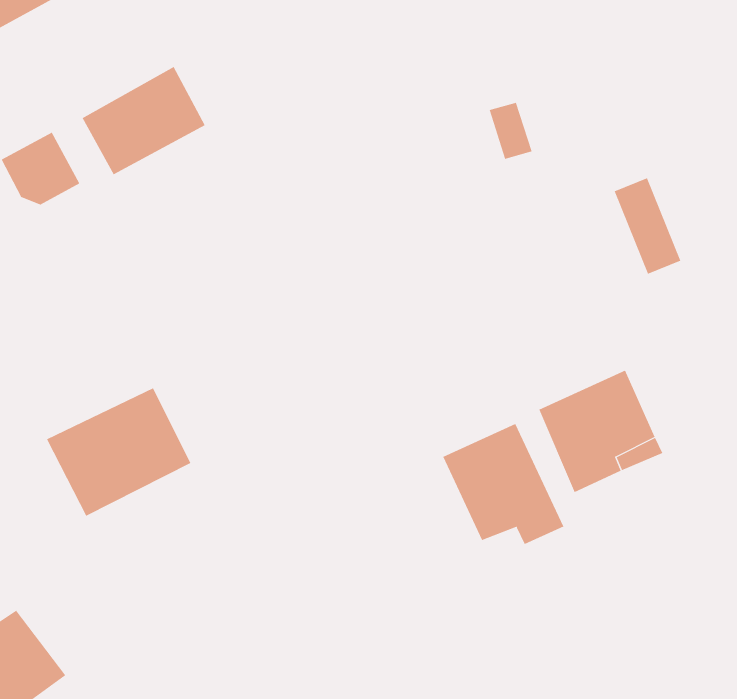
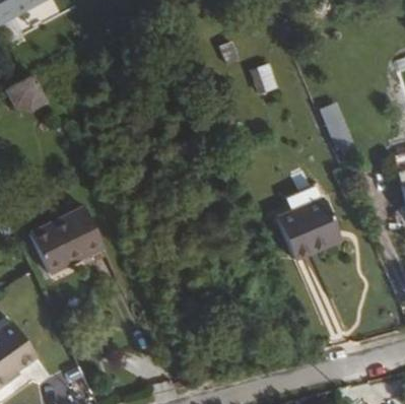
building: [82,66,206,175] -> none
building: [443,423,564,545] -> none

